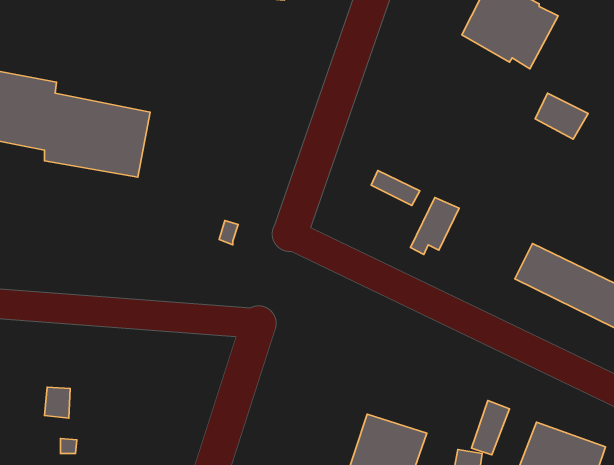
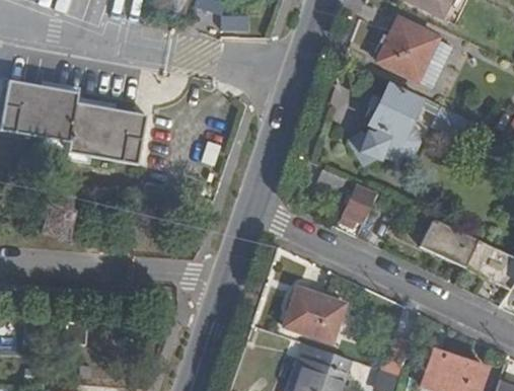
building: none -> [346,83,420,167]
building: none -> [285,289,347,341]

